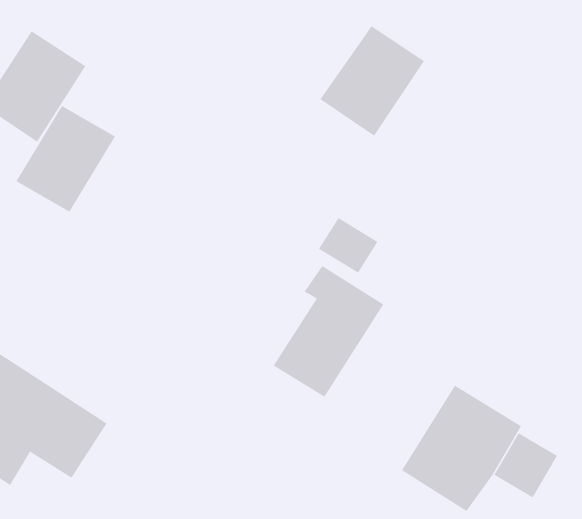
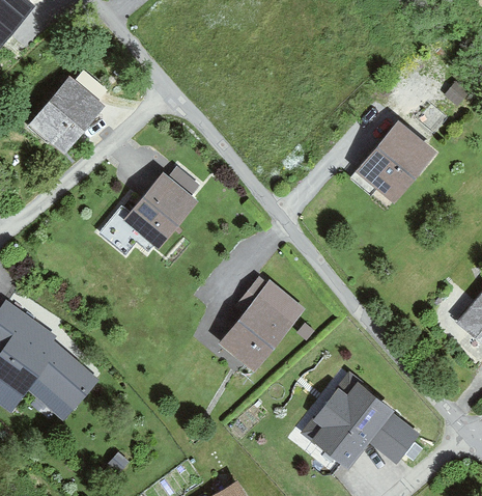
building: [319,25,425,136] -> [357,118,437,200]
building: [15,105,116,213] -> [121,170,199,250]
building: [318,217,378,273] -> none

